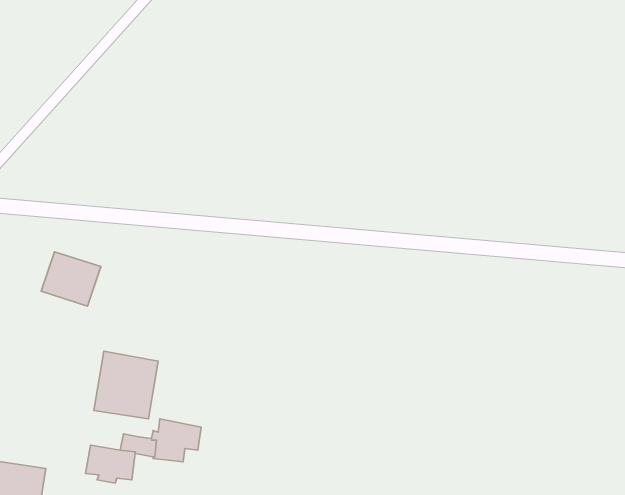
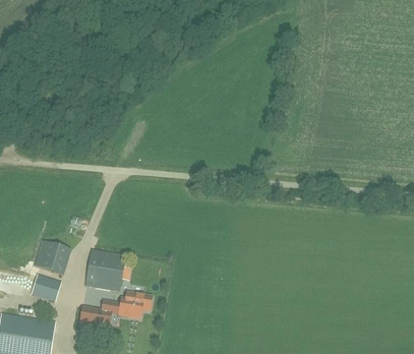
building: [41,252,101,306] -> [34,240,70,274]
building: none -> [33,275,60,301]

